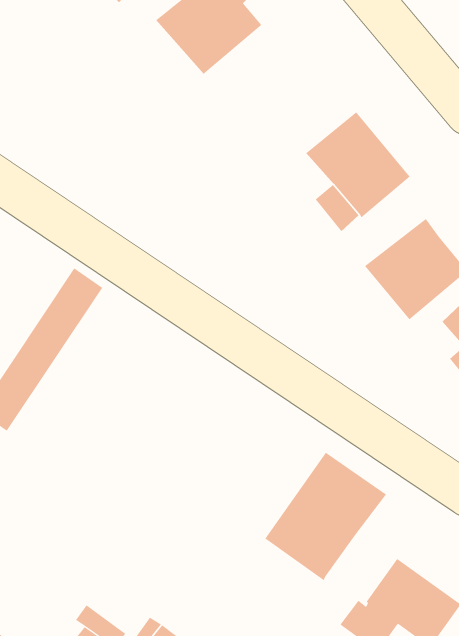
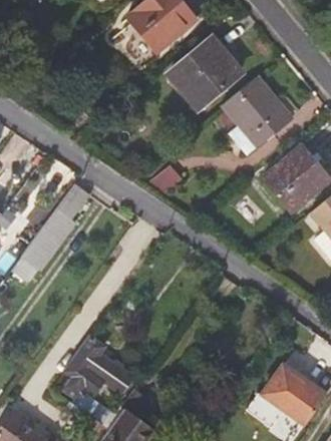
building: none -> [171,40,240,107]
building: [265,452,387,581] -> none
building: none -> [66,338,130,397]

